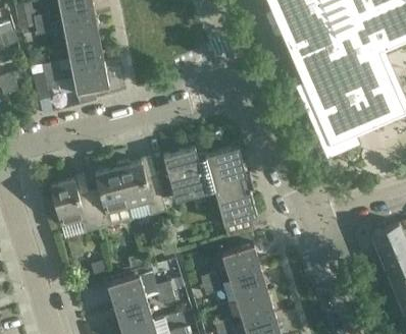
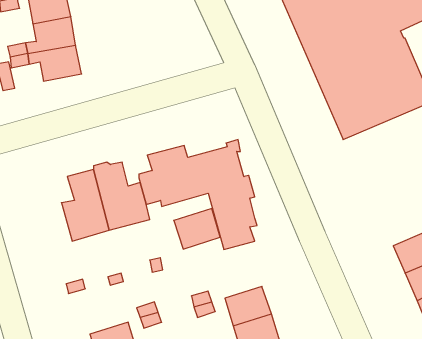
building: [50,180,98,233] -> none
building: [220,244,260,279] -> [174,209,220,249]
building: [106,275,146,310] -> none

